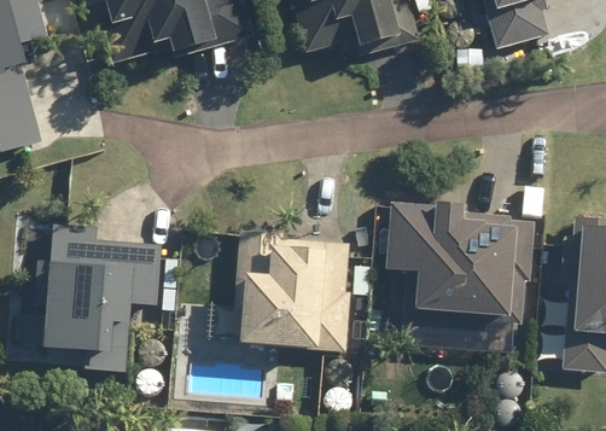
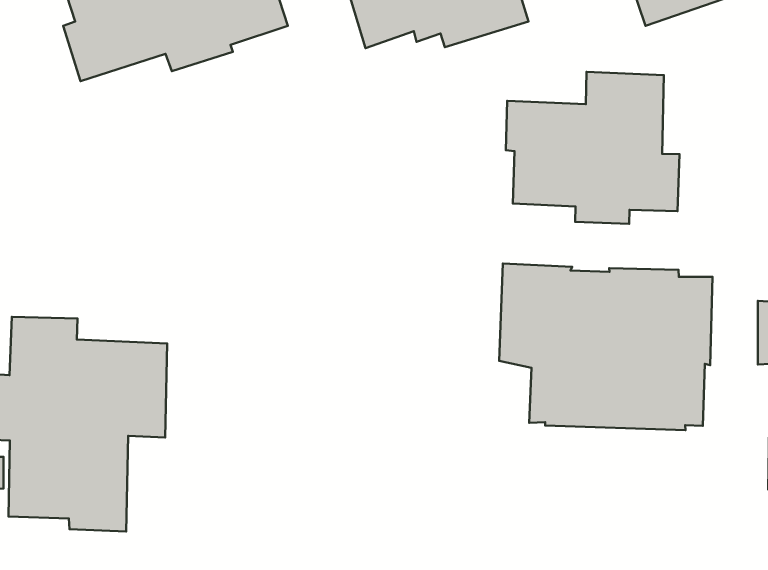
building: none -> [506,72,680,224]
building: [233,232,349,359] -> none

